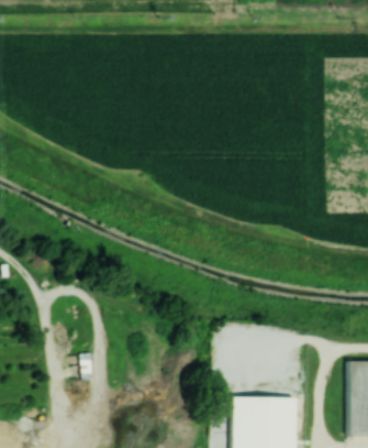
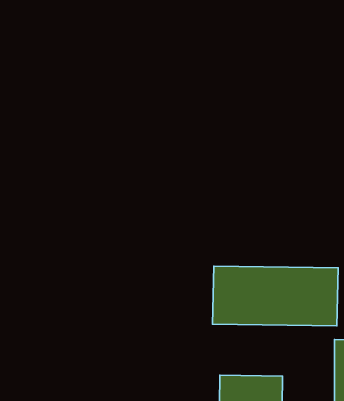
building: none -> [213,266,338,326]

